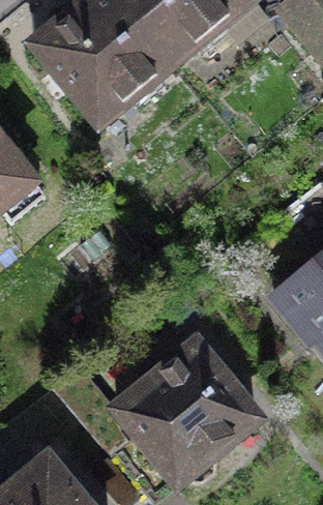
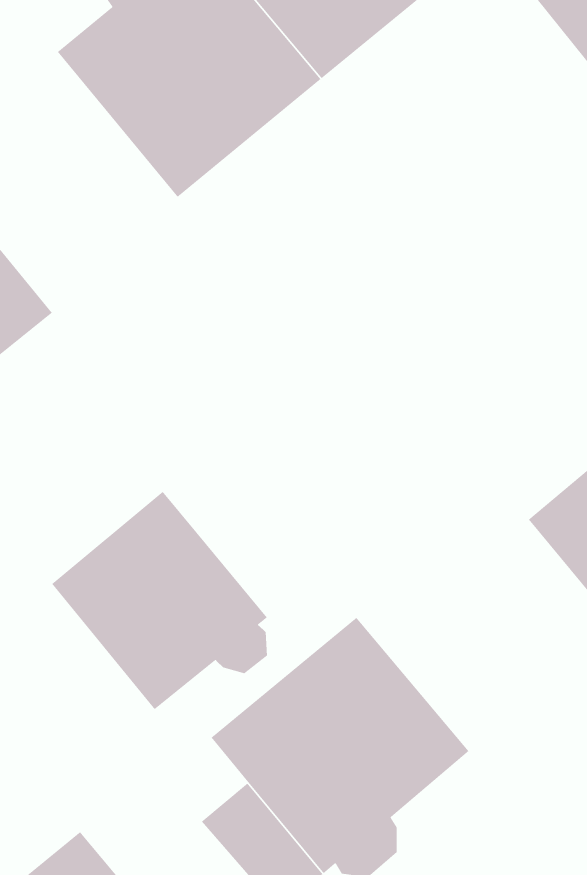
building: none -> [51,491,268,710]

